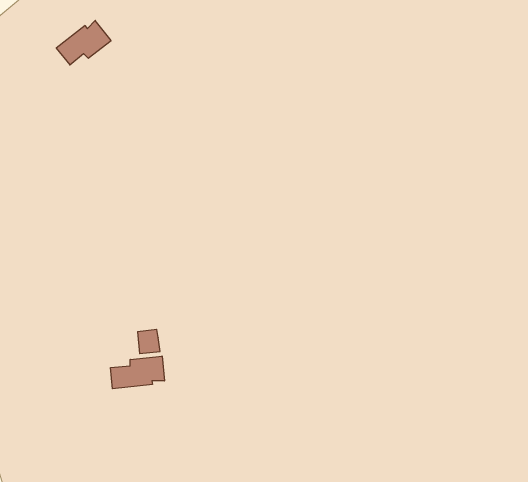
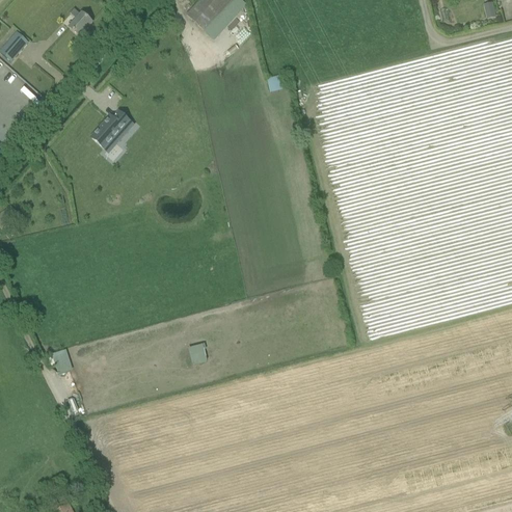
building: [111,356,164,389] -> none

